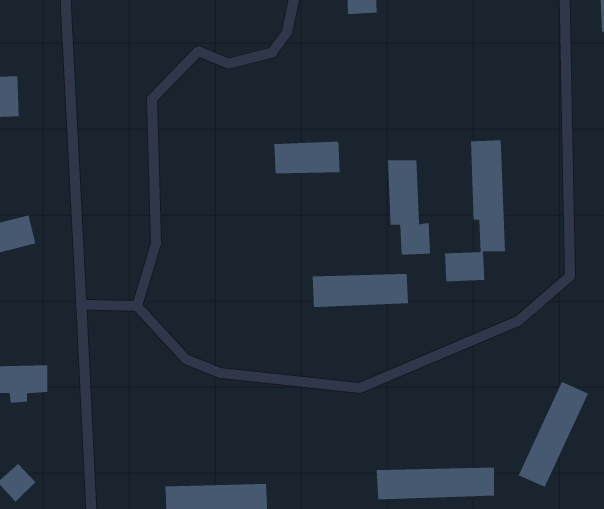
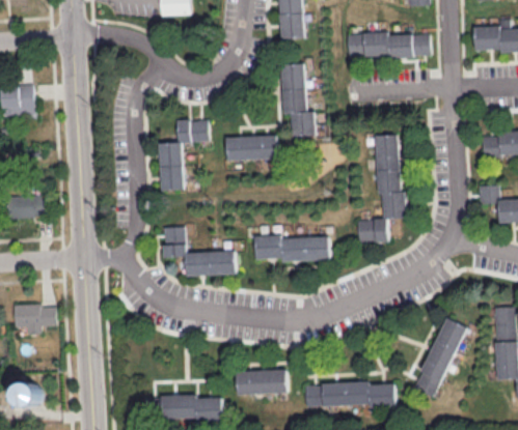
building: none -> [346,34,430,58]
building: none -> [160,120,210,191]
building: [387,160,431,255] -> [281,64,315,137]
building: none -> [164,227,237,277]
building: none -> [237,370,287,395]

